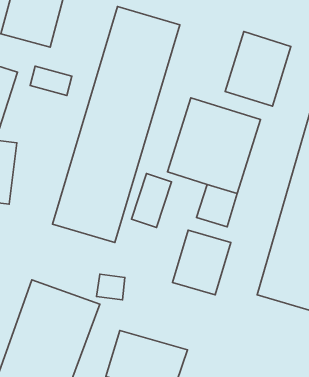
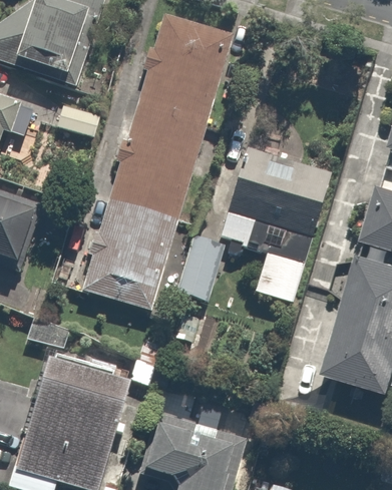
building: [225,32,291,106] -> none
building: [172,230,231,295] -> none

